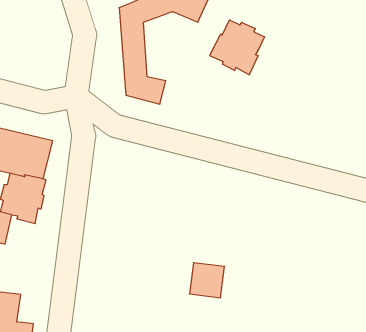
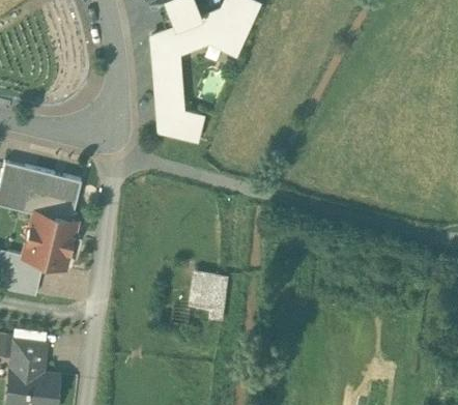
building: [210,20,265,75] -> none
building: [189,263,225,298] -> [191,274,228,312]

